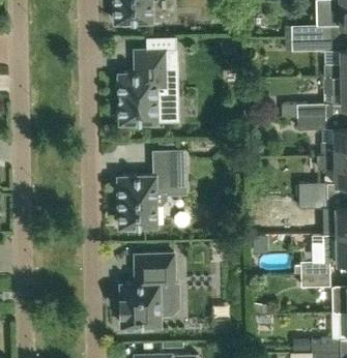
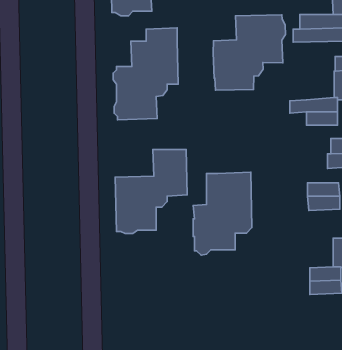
building: none -> [213,15,286,90]
building: [121,255,176,332] -> [193,172,252,255]

